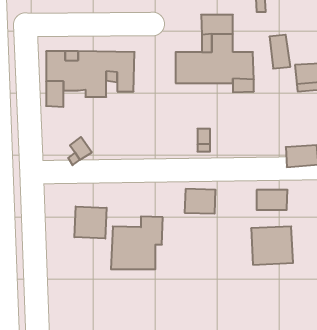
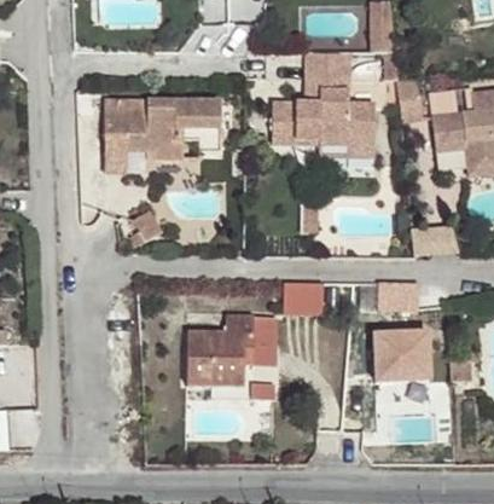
building: [74,206,107,239] -> none
building: none -> [245,319,278,372]

